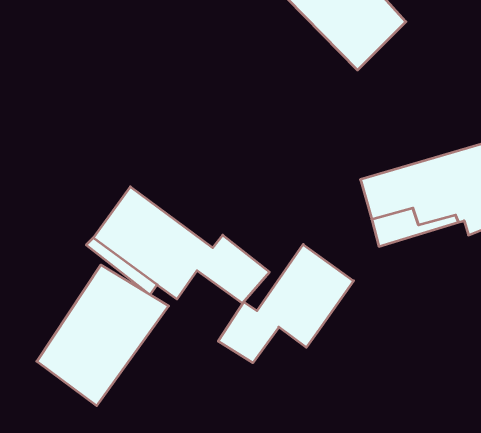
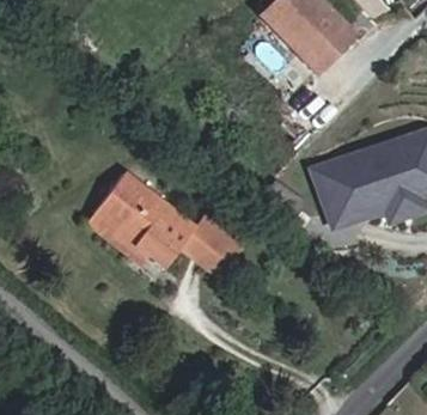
building: [218,244,354,363] -> none
building: [37,265,169,406] -> none

